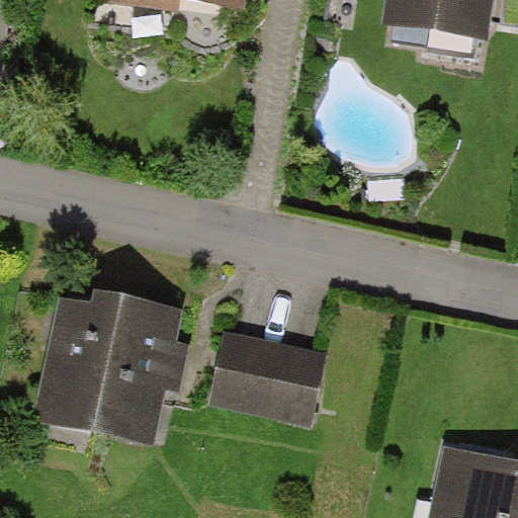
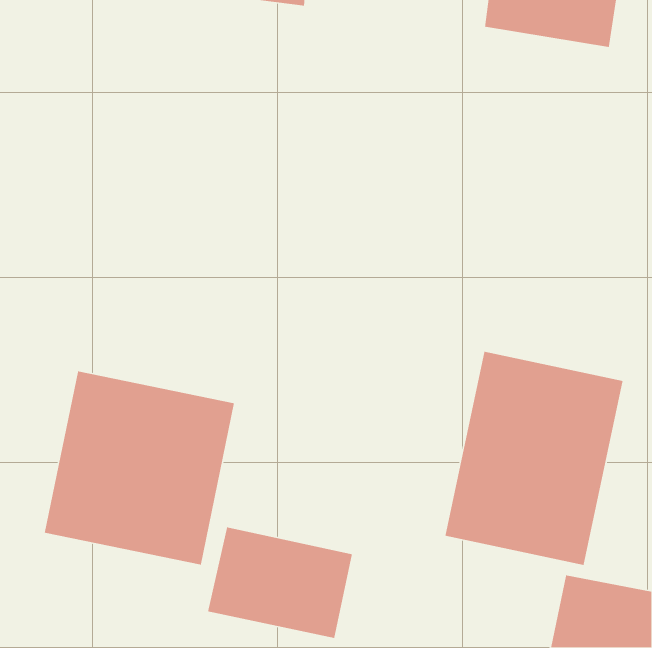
building: none -> [444,351,624,566]
building: [211,335,326,423] -> [207,527,353,639]

